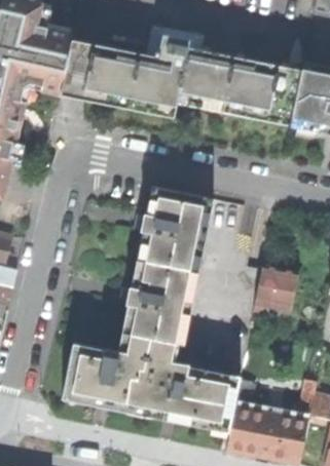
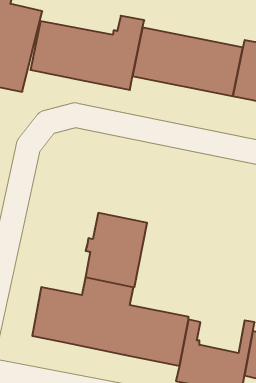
building: [137,186,208,270] -> none
building: [254,265,297,311] -> none

